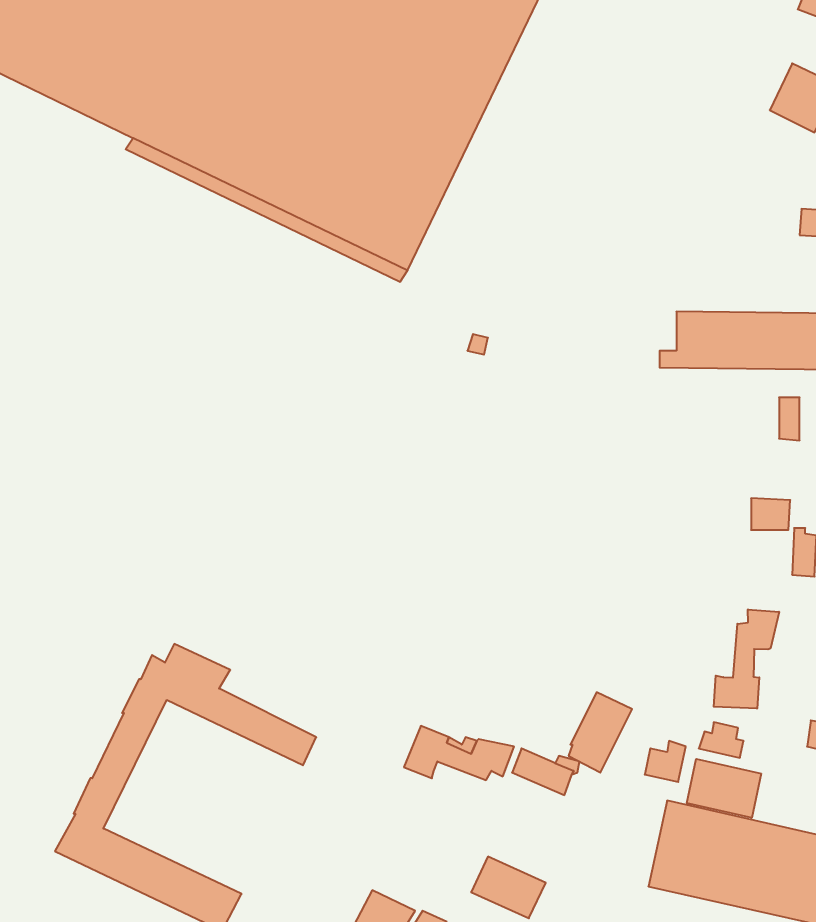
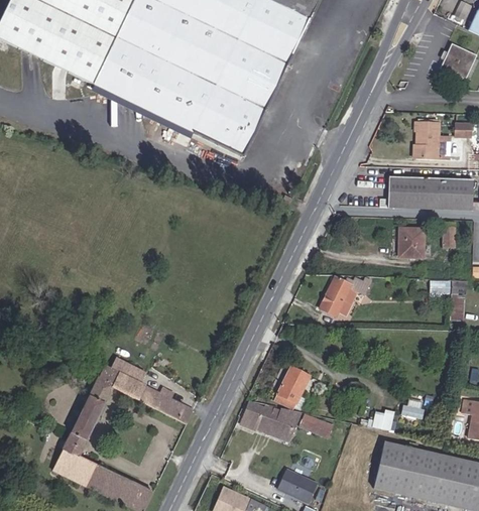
building: none -> [412,120,449,158]
building: none -> [399,228,424,256]
building: none -> [320,275,370,315]
building: [714,609,779,709] -> none
building: [569,692,632,773] -> [275,365,310,408]
building: [687,759,761,818] -> none
building: none -> [256,419,294,441]

